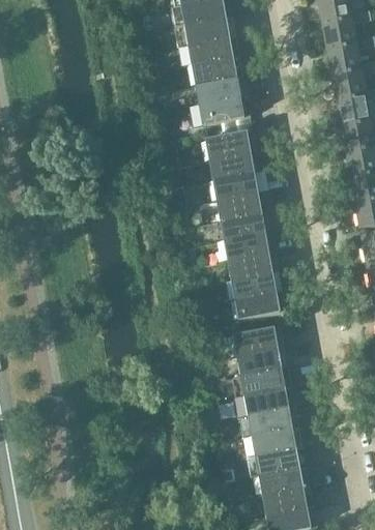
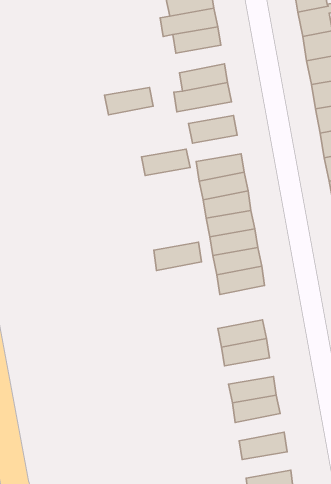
building: [191,57,242,86] -> [104,87,153,115]
building: [208,152,260,180] -> [141,149,190,175]
building: [232,327,283,357] -> [154,242,202,271]
building: [233,388,294,418] -> none
building: [254,447,306,476] -> none
building: [261,488,313,516] -> none

